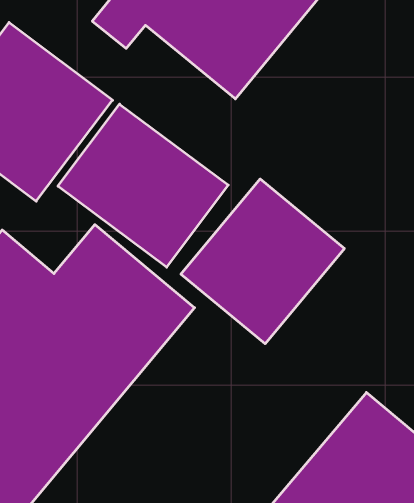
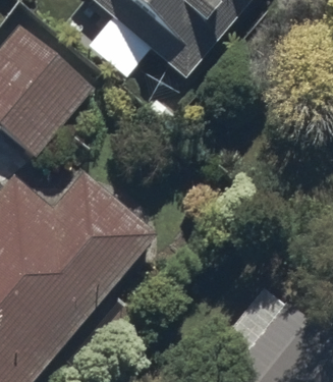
building: [58,104,228,267] -> none
building: [181,179,344,344] -> none

